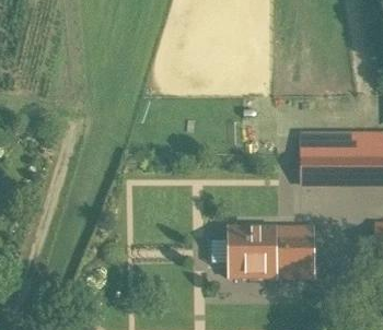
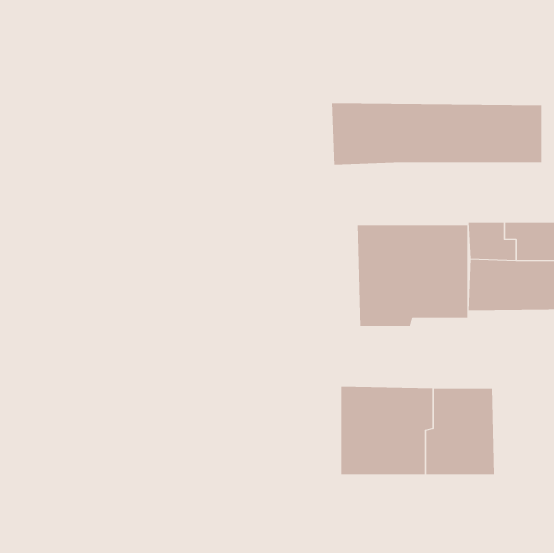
building: none -> [331,103,542,165]
building: none -> [357,224,468,327]

